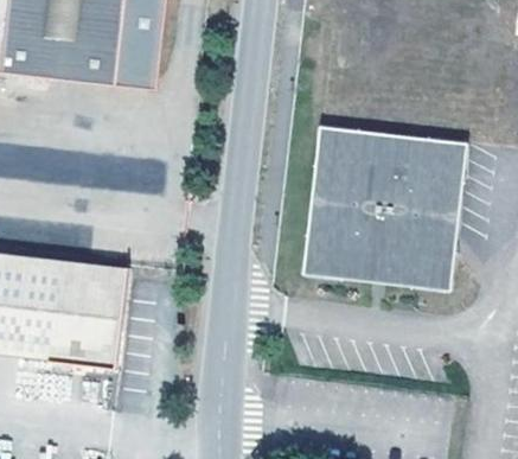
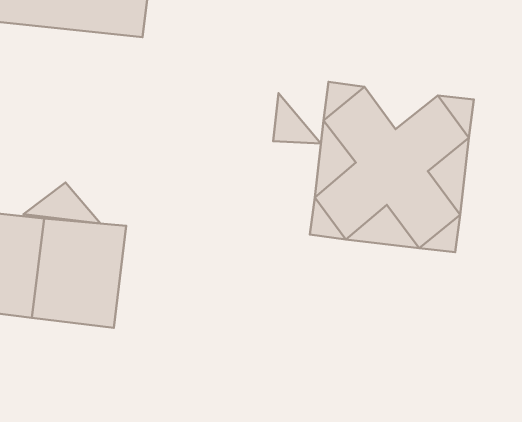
building: [359,132,429,172] -> none
building: none -> [273,93,321,143]
building: none -> [24,183,101,224]

